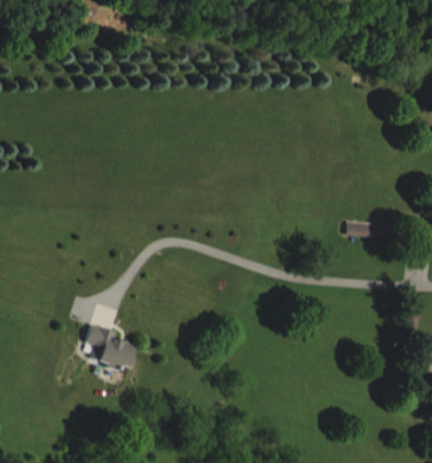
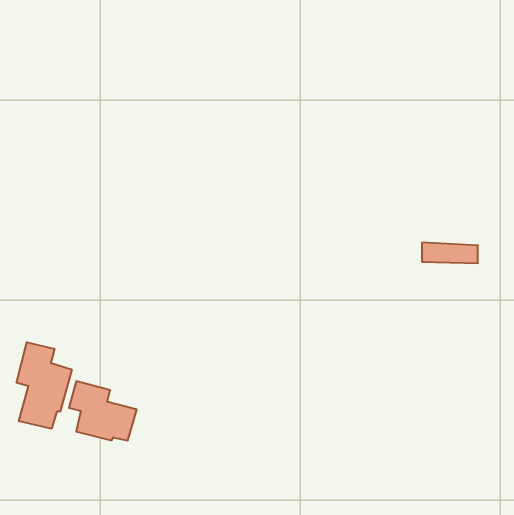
building: none -> [16,342,72,429]

